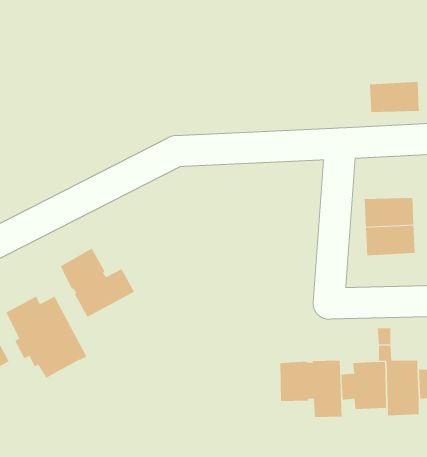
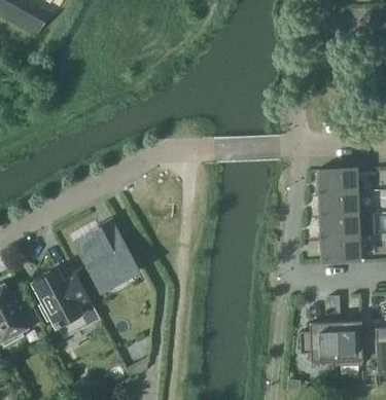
building: [369,82,420,113] -> [317,168,357,192]
building: none -> [320,235,360,260]
building: [280,360,342,418] -> none

